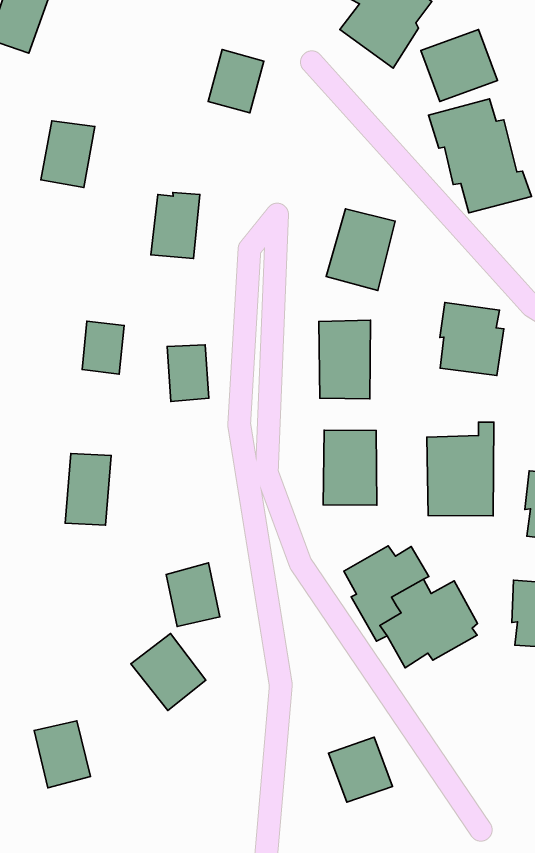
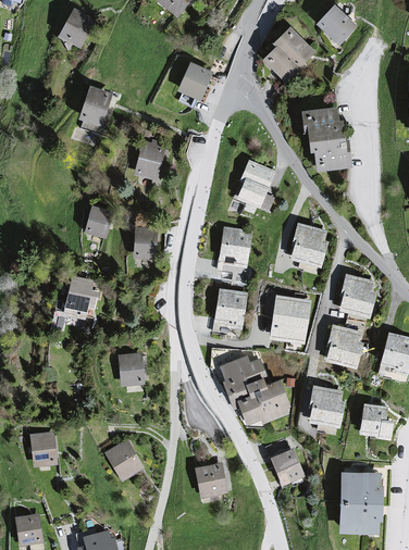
building: [421,30,497,101] -> none
building: [131,633,206,710] -> [106,439,147,483]
building: none -> [271,449,307,487]

